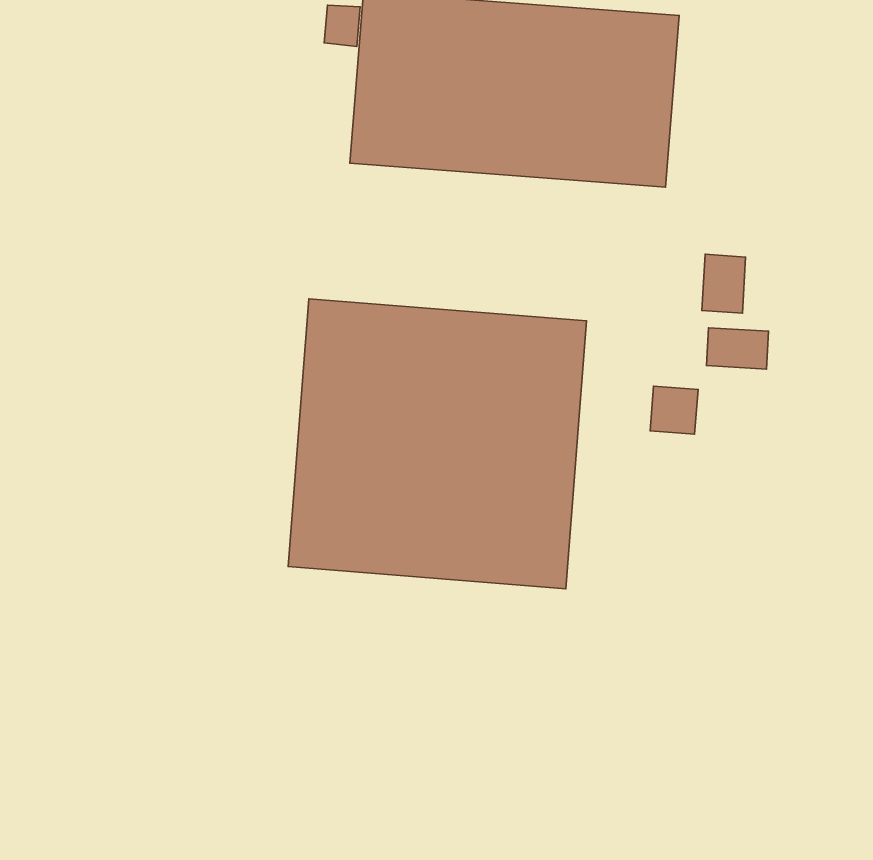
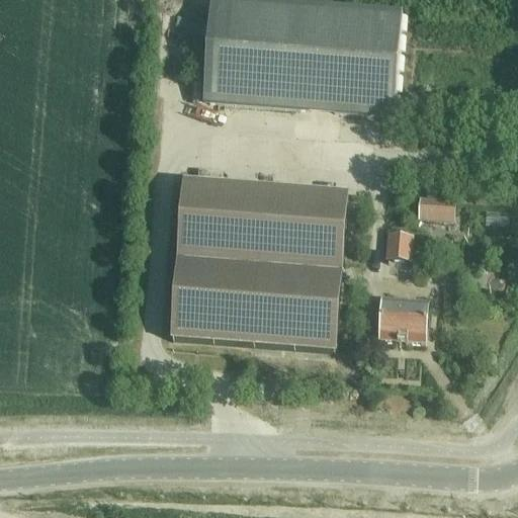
building: [702,254,746,313] -> none
building: none -> [365,294,426,339]

